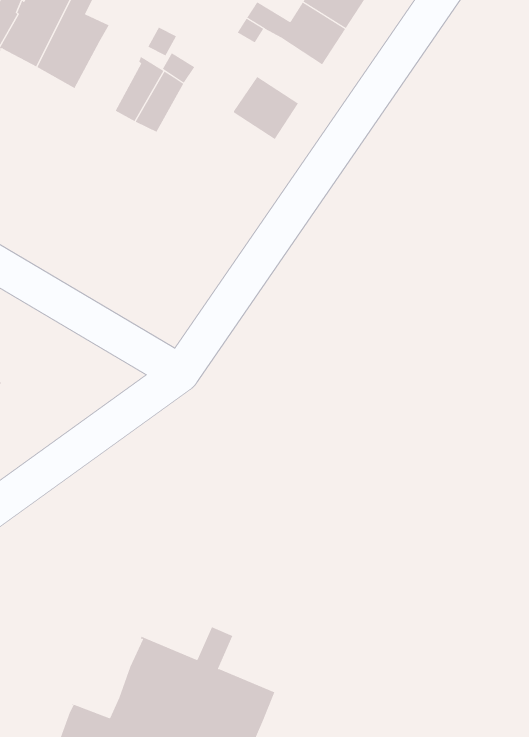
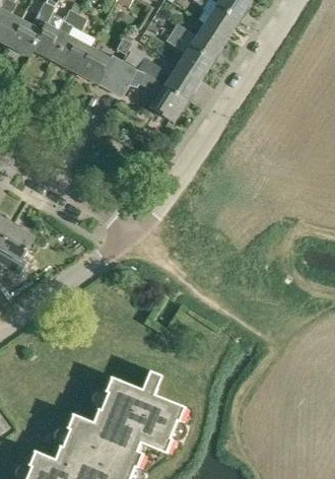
building: none -> [177,44,213,80]
building: none -> [75,46,112,84]
building: none -> [138,72,187,121]

